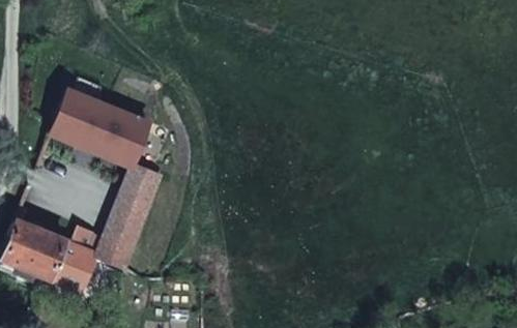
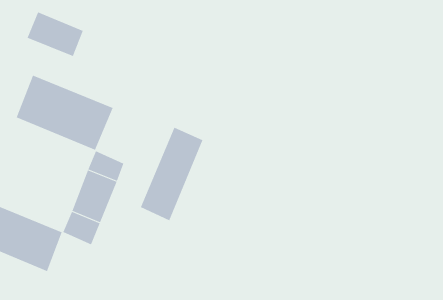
building: none -> [27,11,84,57]
building: none -> [140,127,203,221]

